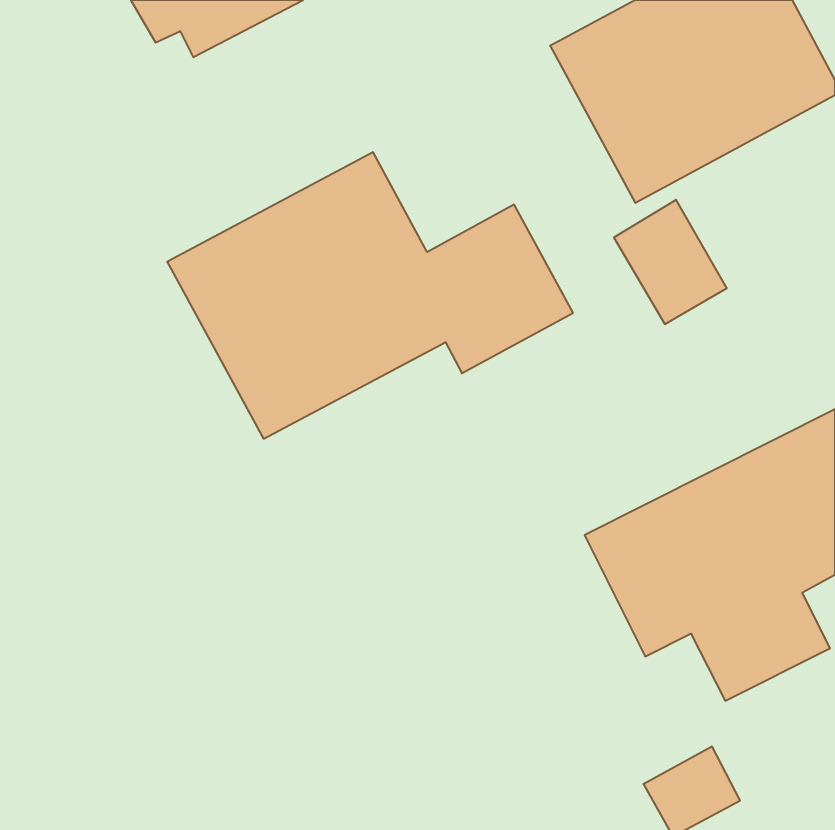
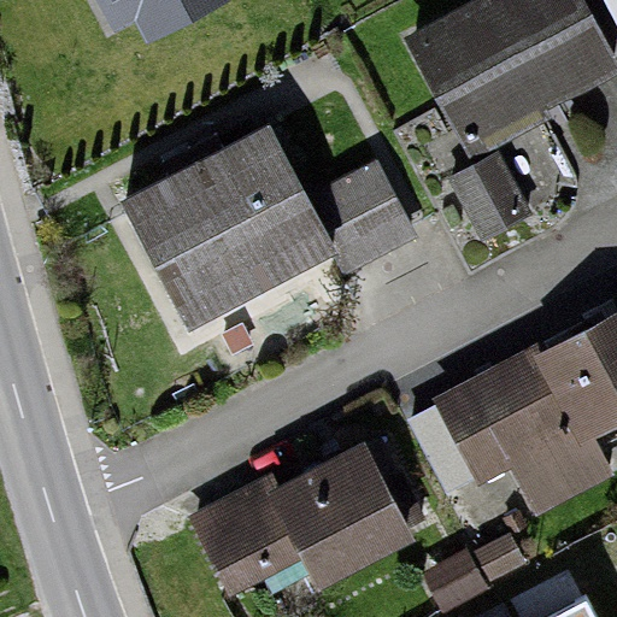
building: none -> [196,442,417,590]

